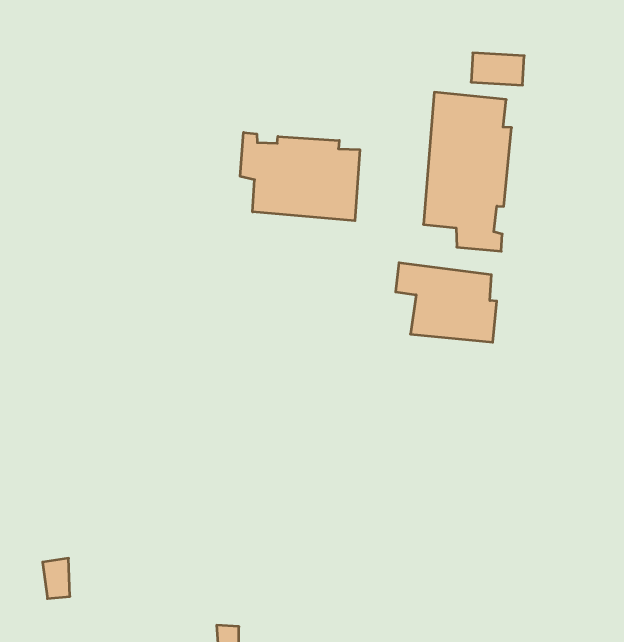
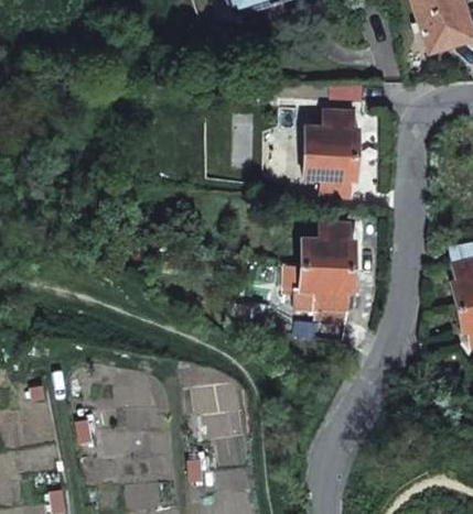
building: [240,132,360,221] -> none
building: none -> [293,265,354,325]

